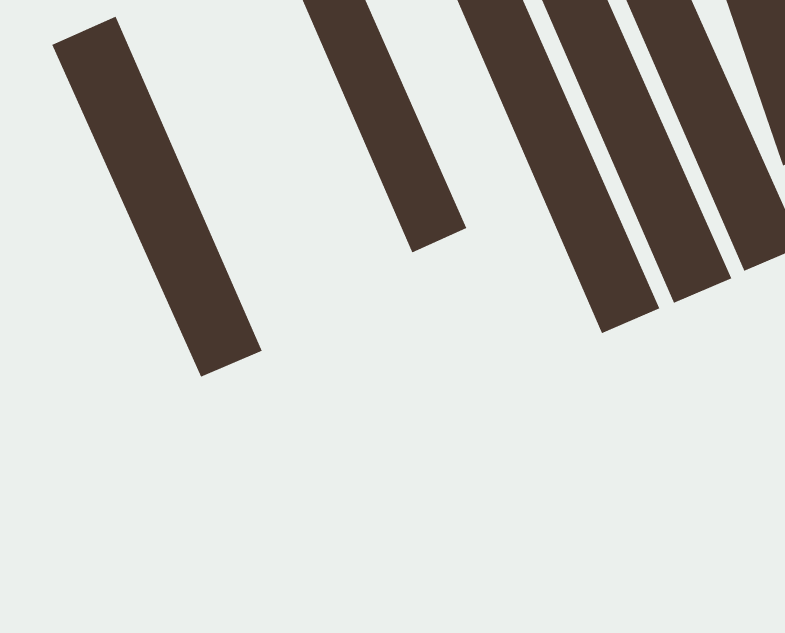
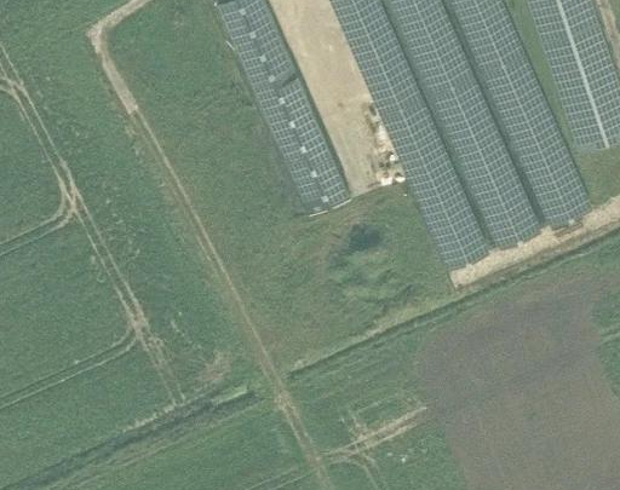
building: [51,16,262,378] -> none

